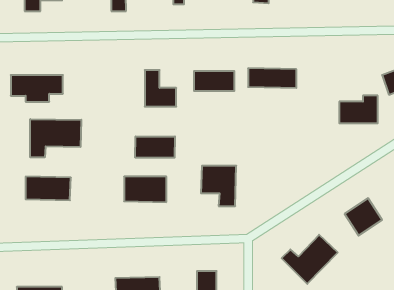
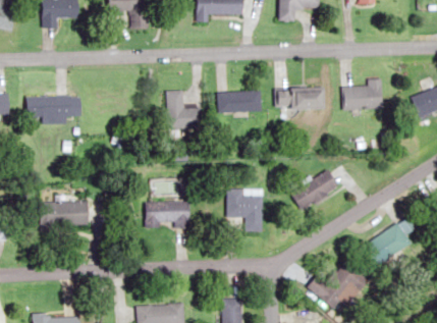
building: [339,96,378,123] -> [343,80,383,109]
building: [30,119,81,157] -> none
building: [135,136,175,158] -> none
building: none -> [289,169,339,212]

